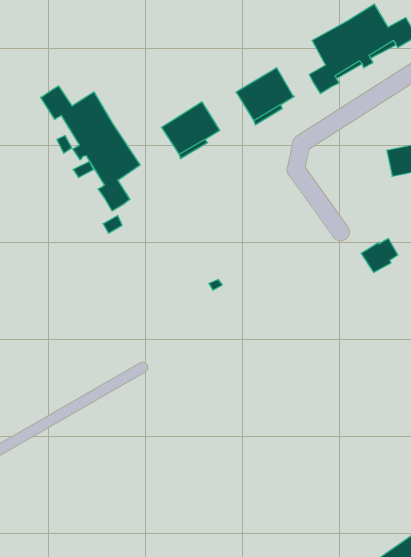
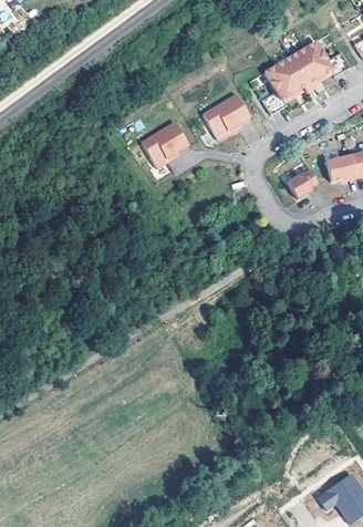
building: [41,86,140,211] -> none
building: [361,239,398,272] -> [288,172,318,199]

